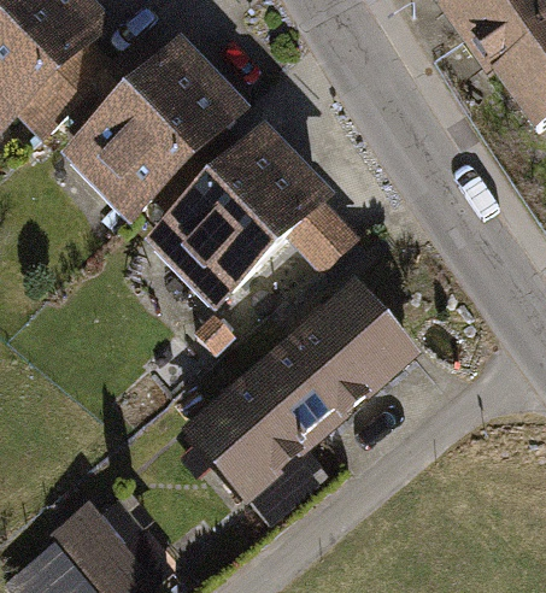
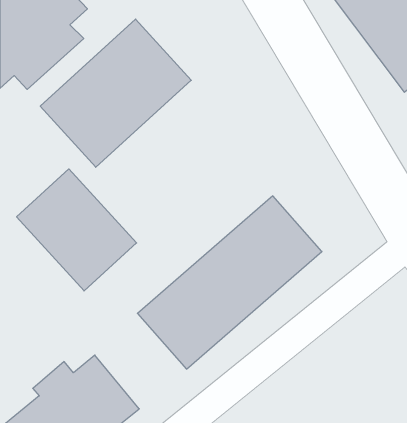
building: [142,135,334,322] -> none
building: none -> [17,169,137,291]

